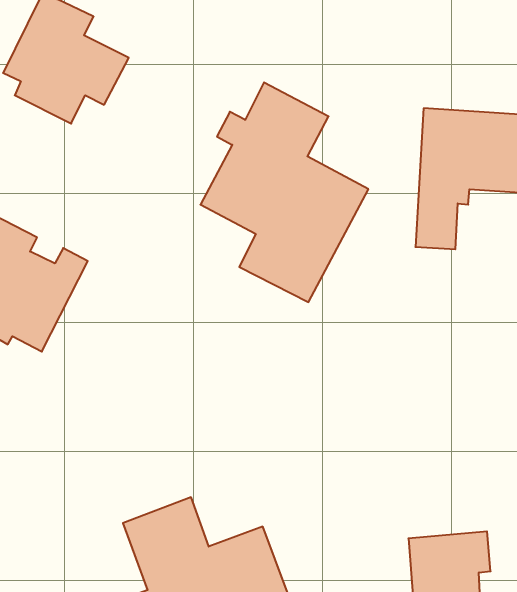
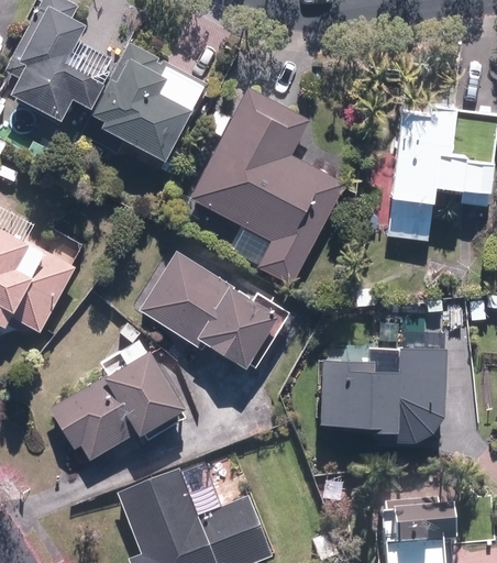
building: none -> [95,49,207,162]
building: none -> [135,249,289,371]
building: none -> [324,340,449,440]
building: none -> [48,346,191,460]

